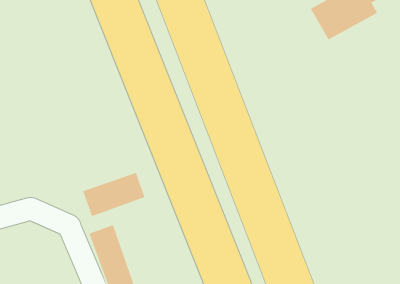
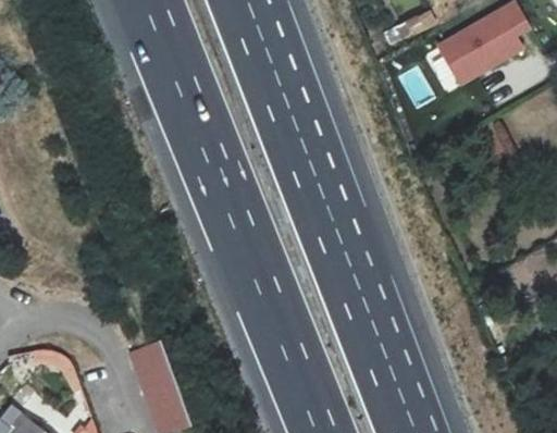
building: [82,172,145,217] -> none

